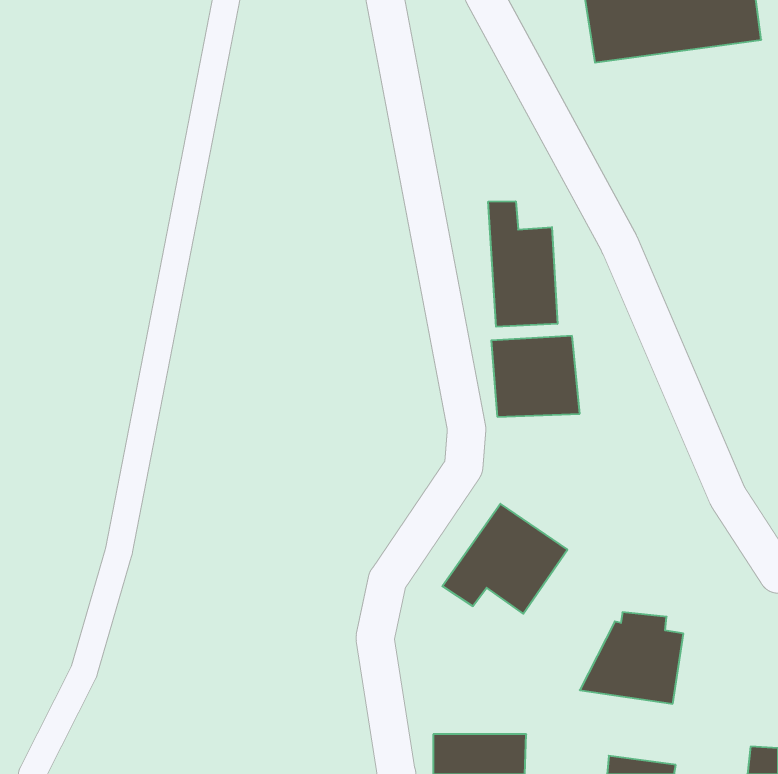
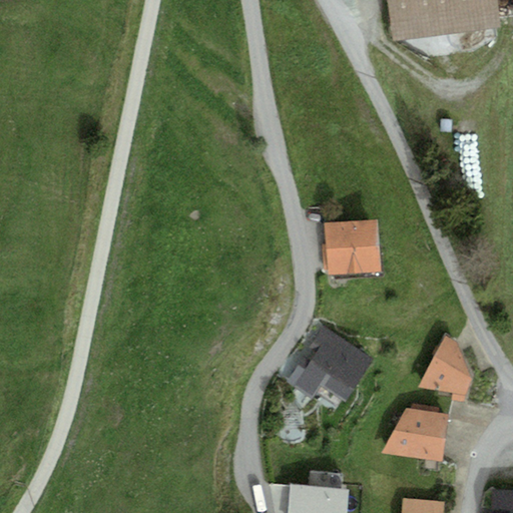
building: [488,201,557,327] -> none
building: none -> [416,336,472,403]

